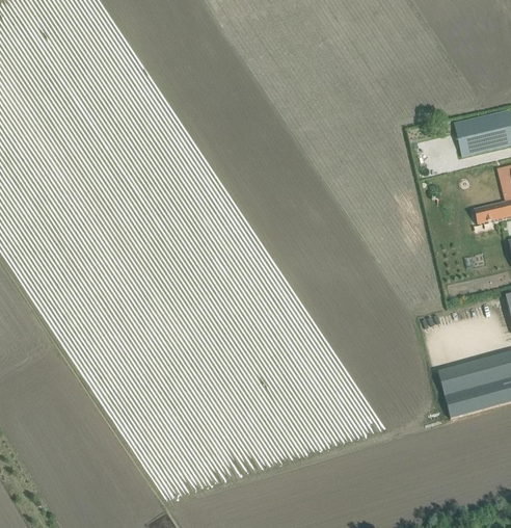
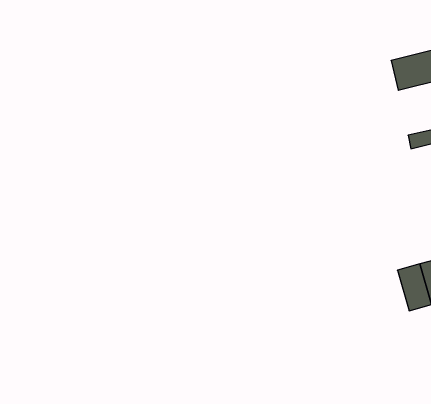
building: [438,364,476,417] -> none

